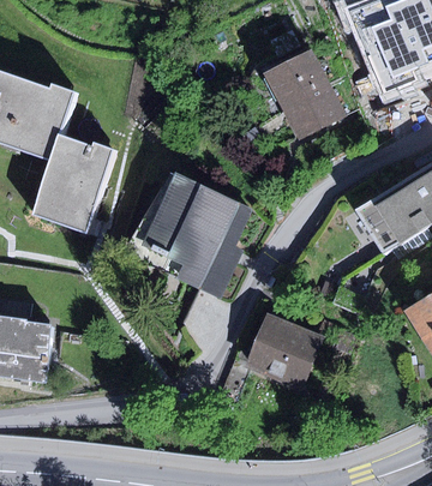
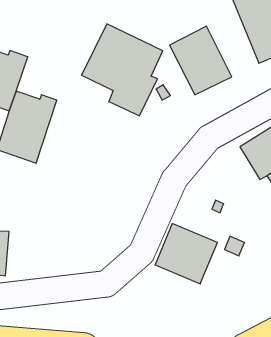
building: [143,175,251,298] -> [82,24,163,116]

